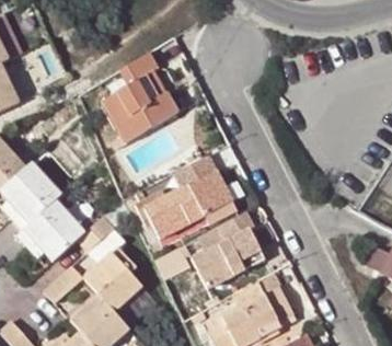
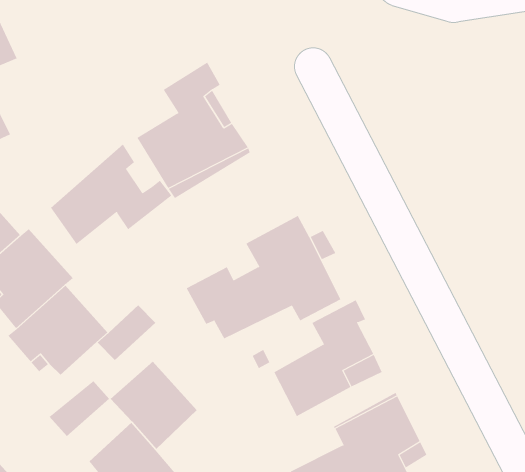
building: none -> [50,143,172,245]

